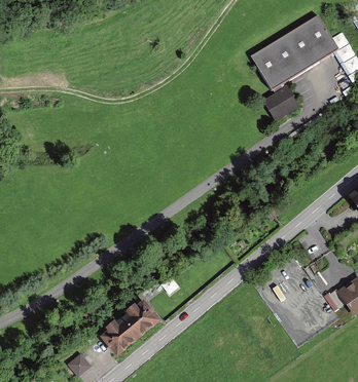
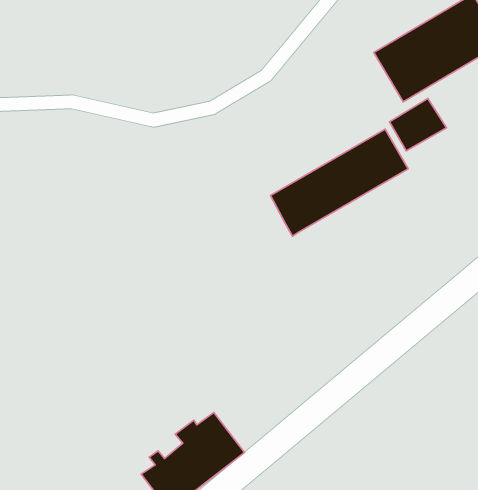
building: none -> [271,129,408,236]

